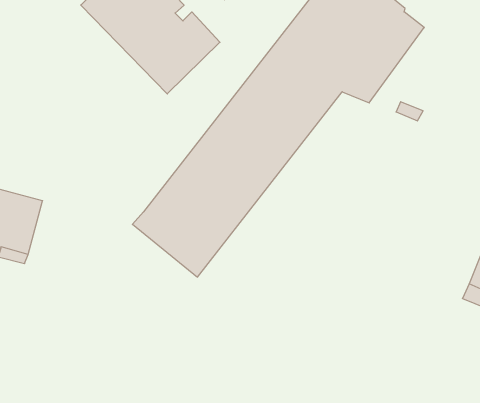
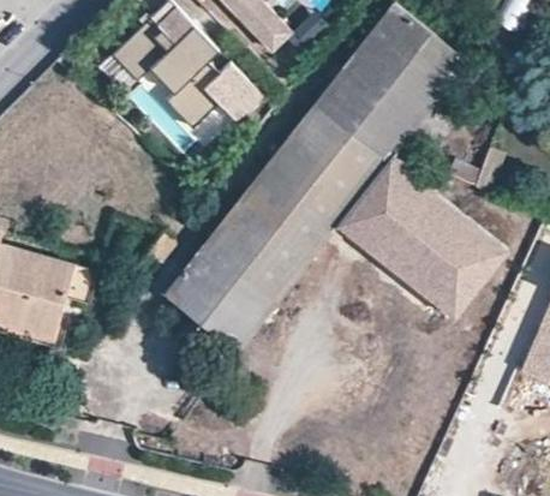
building: none -> [337,154,509,317]

